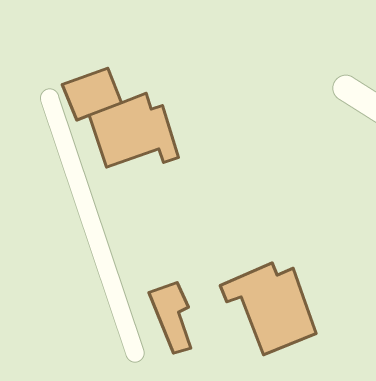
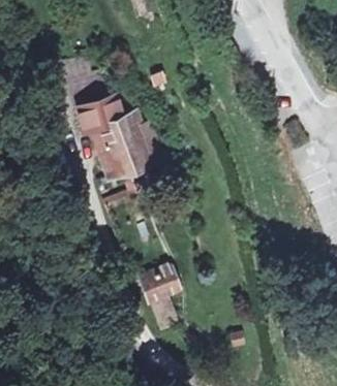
building: [220,263,316,355] -> none

